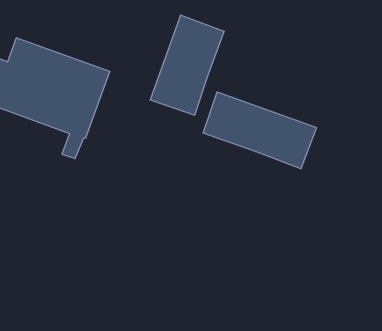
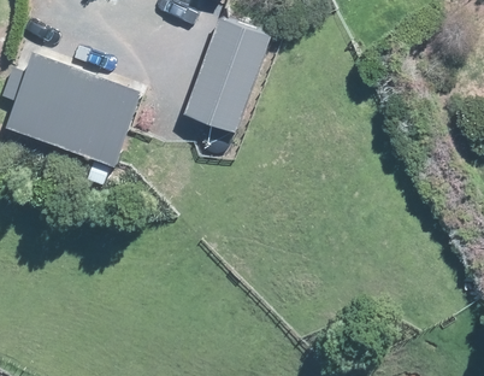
building: [203,92,317,169] -> none

